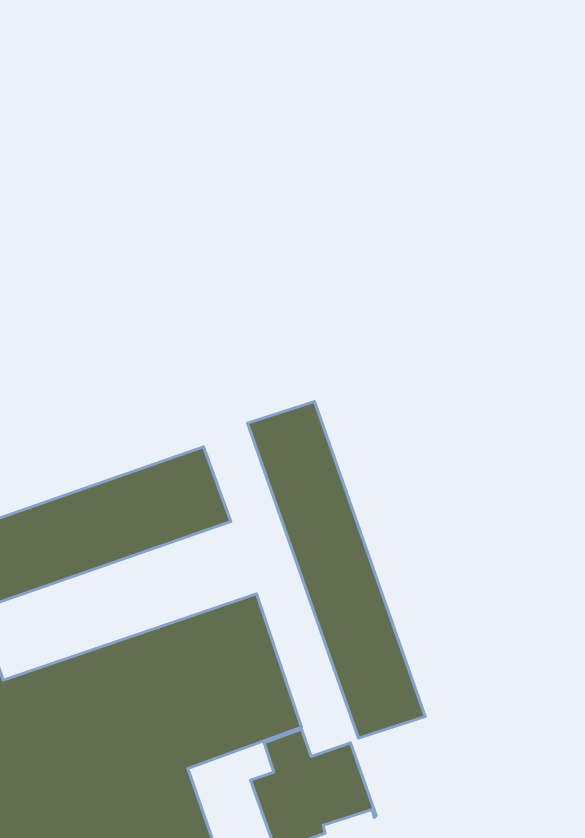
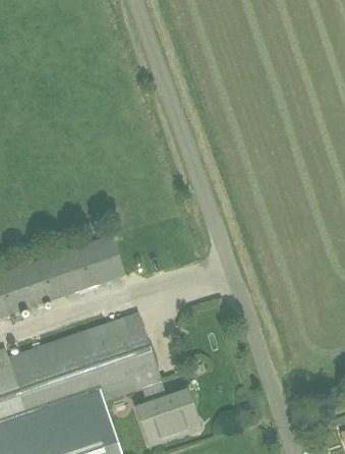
building: [248,402,425,738] -> none

